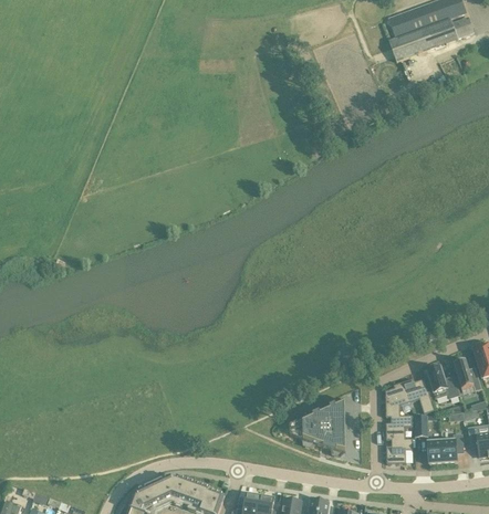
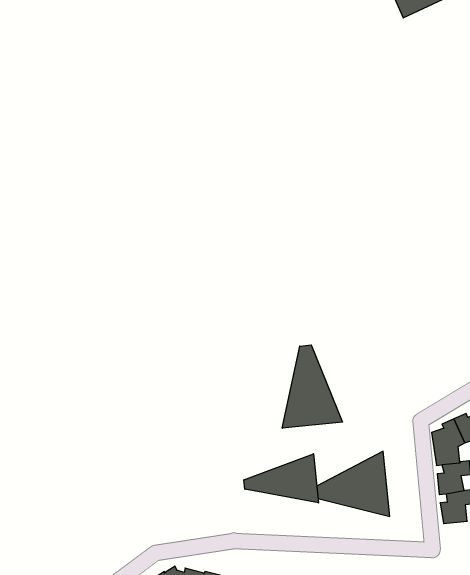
building: none -> [282,345,342,428]
building: none -> [244,454,318,503]

